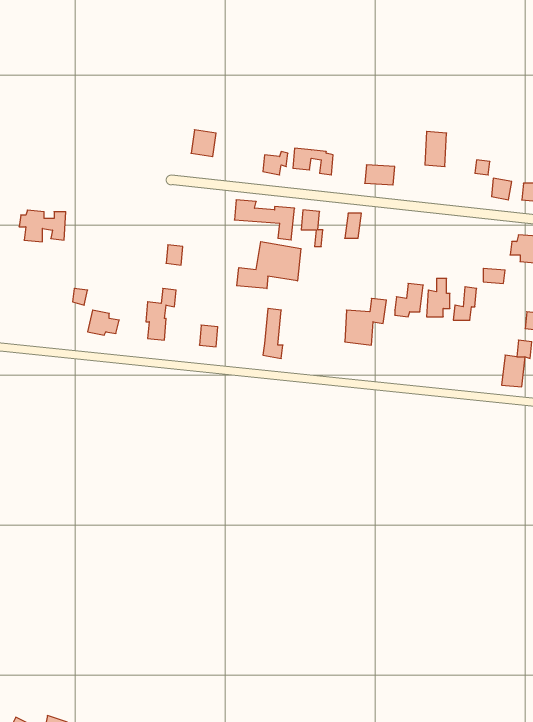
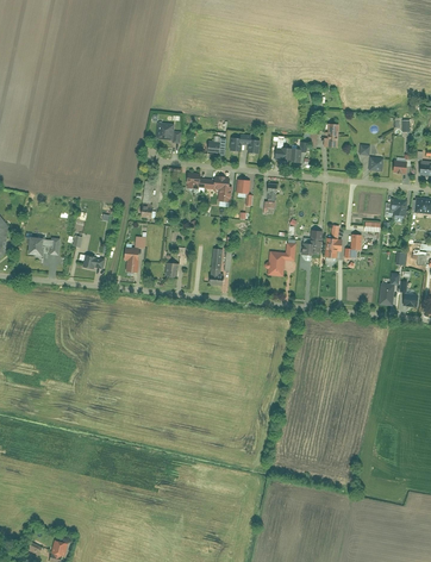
building: [19,210,66,242] -> [27,233,61,256]
building: [237,242,301,289] -> none

